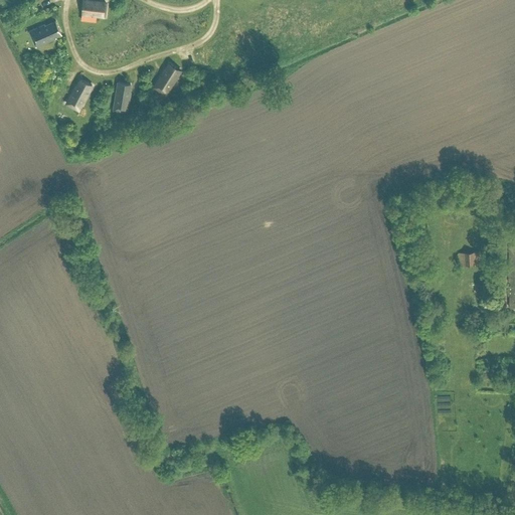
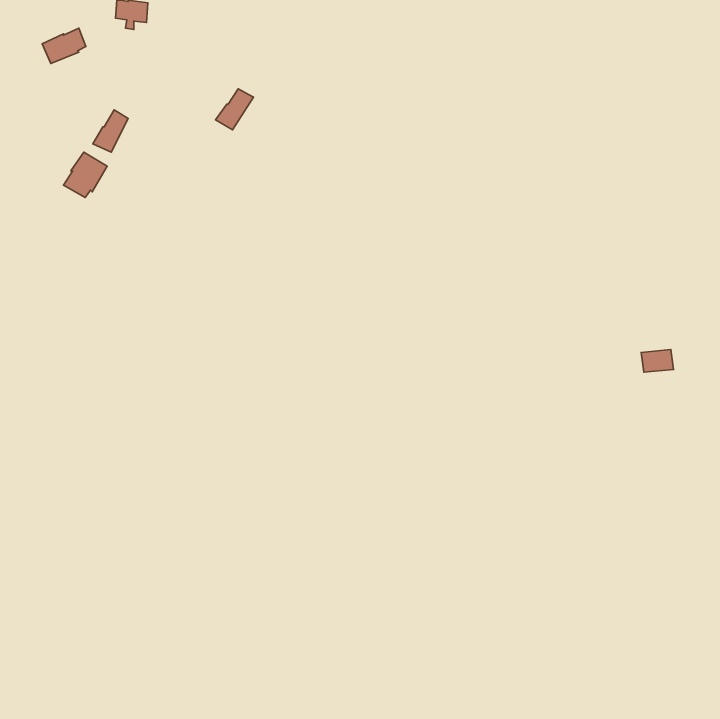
building: [114,82,131,112] -> none
building: none -> [63,152,107,198]

